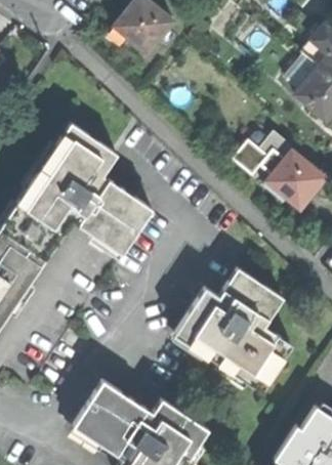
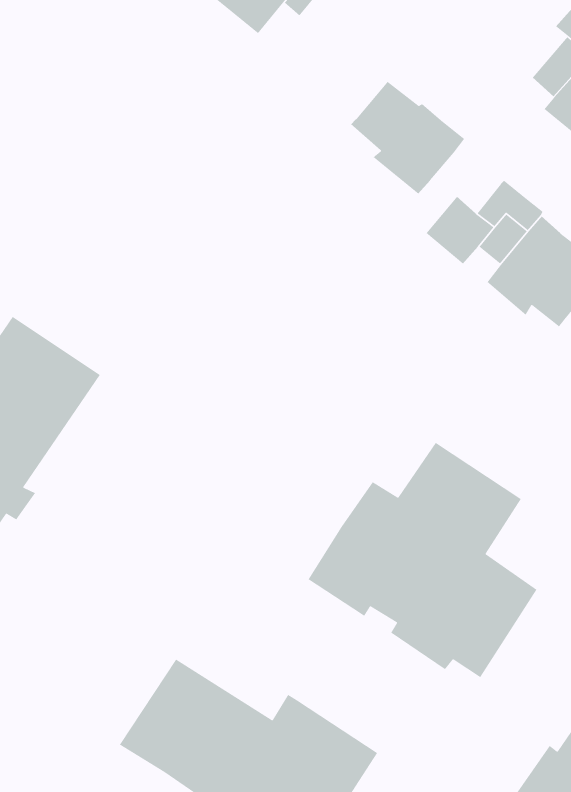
building: none -> [350,81,465,195]
building: [17,123,152,253] -> none

